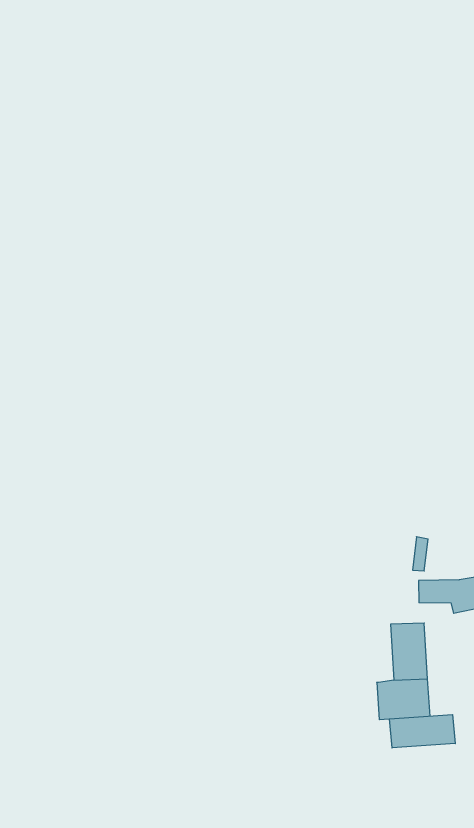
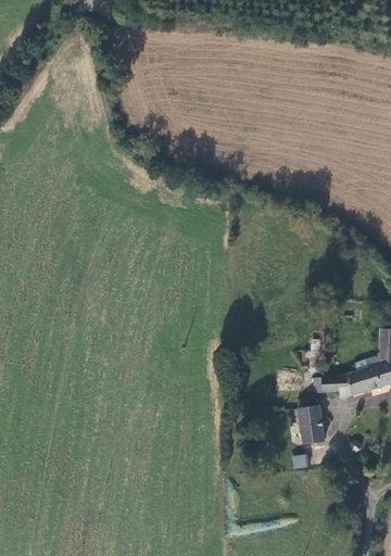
building: [389,715,455,748] -> none

